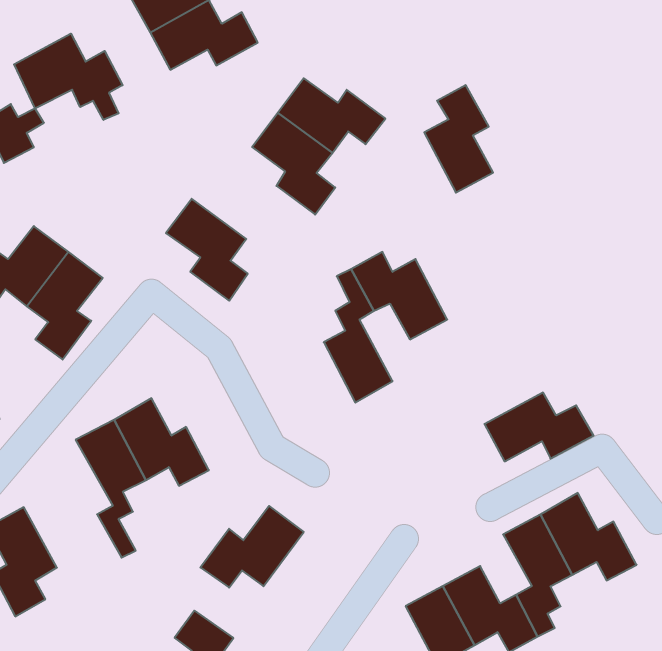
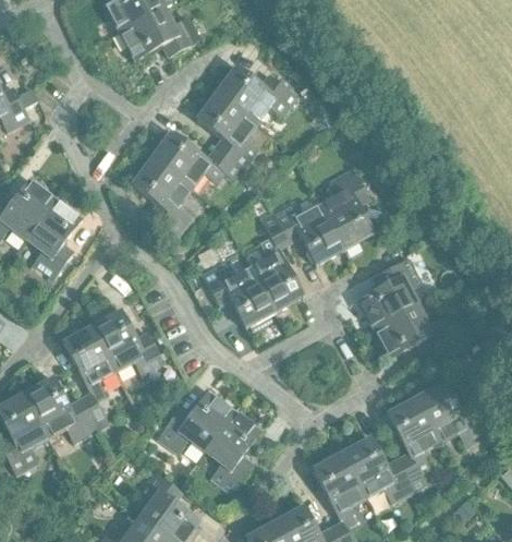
building: [14,34,123,120] -> none
building: [424,85,493,193] -> [320,168,373,250]
building: none -> [150,131,244,189]
building: none -> [357,257,426,329]
building: none -> [202,262,275,328]
building: none -> [23,376,97,444]
building: none -> [205,411,261,493]

